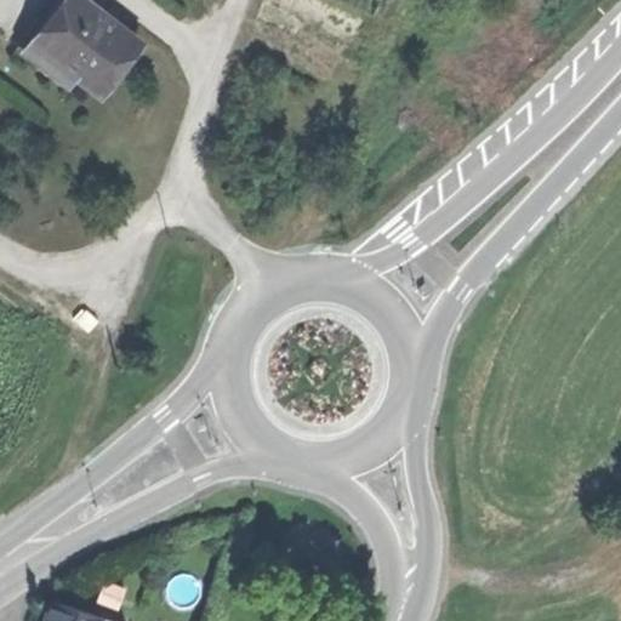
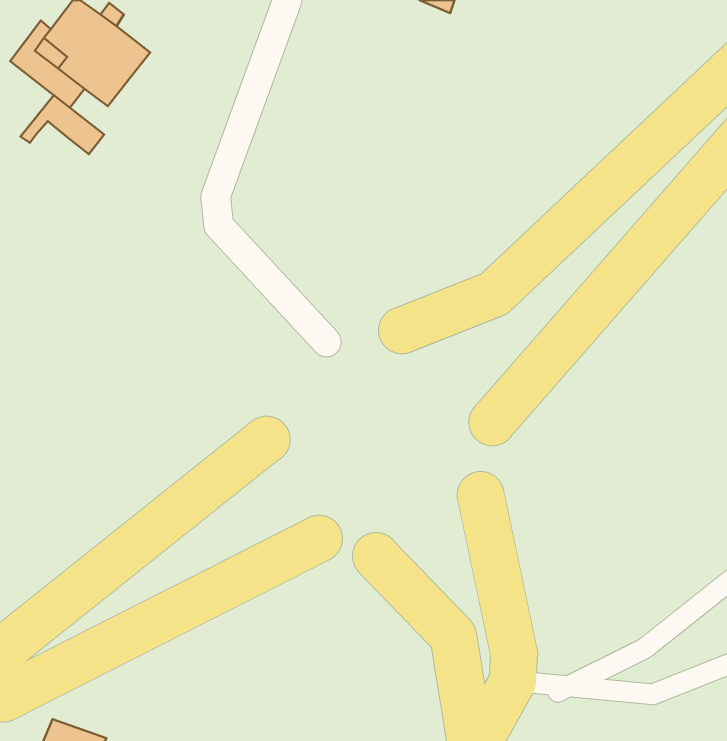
building: none -> [21,95,104,154]

